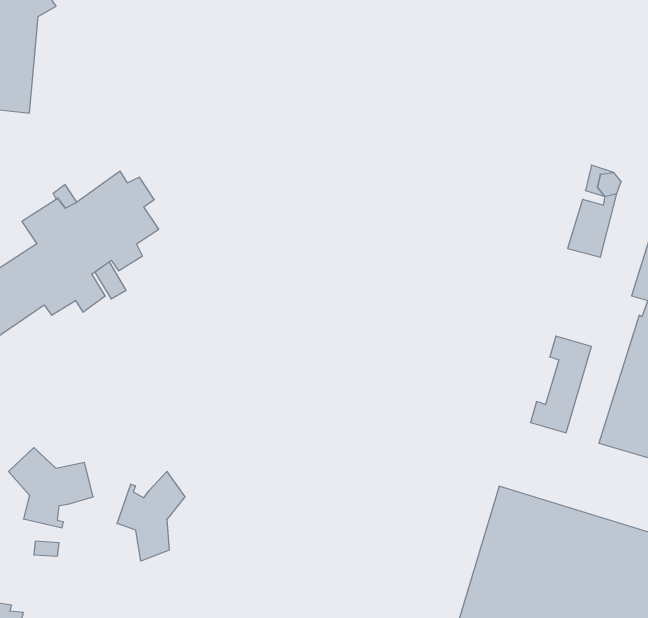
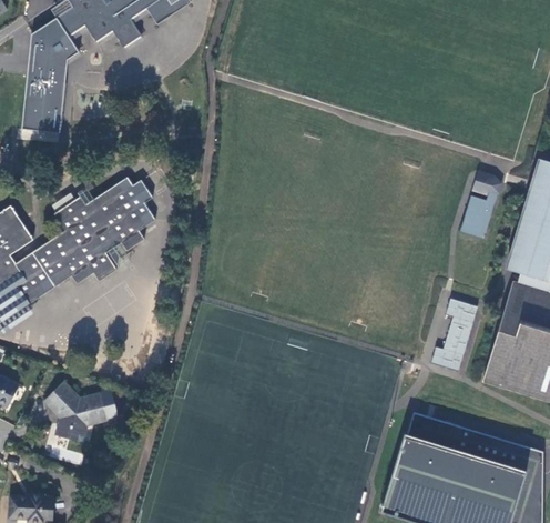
building: [117,471,185,561] -> none

